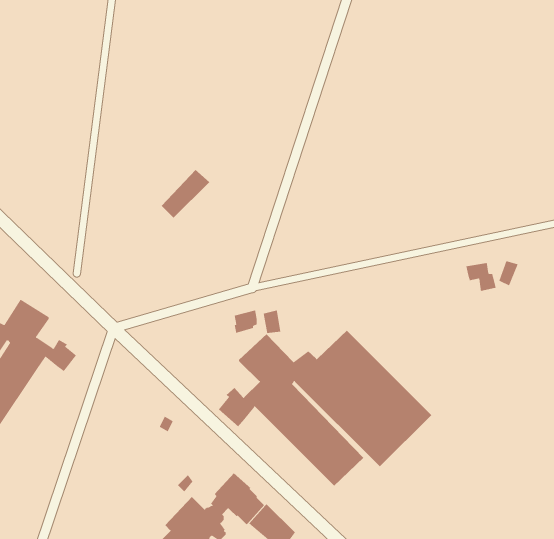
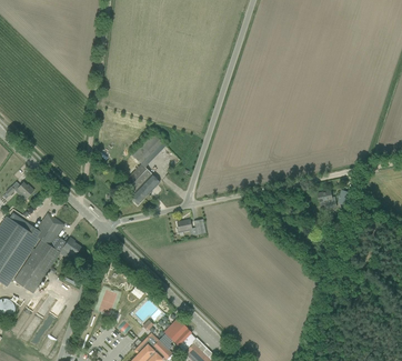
building: none -> [124,164,160,205]
building: [218,330,432,487] -> none

